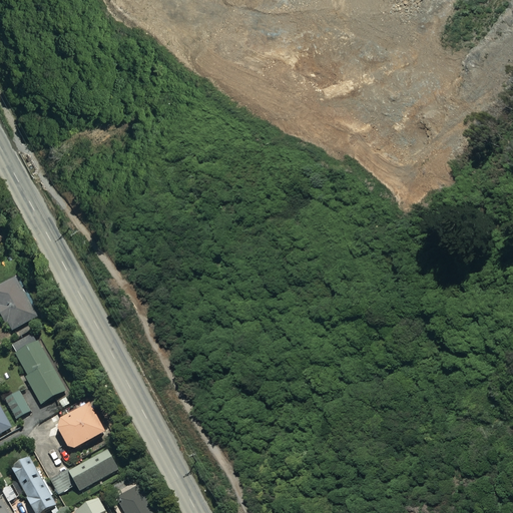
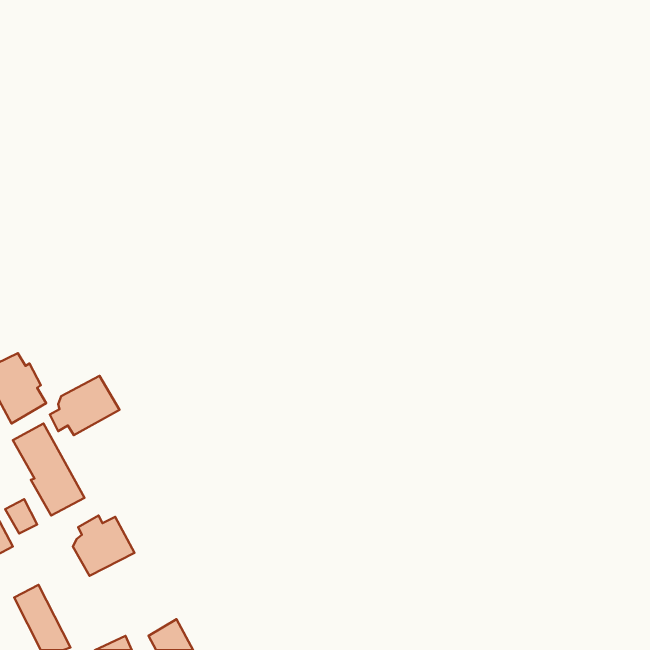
building: none -> [50,376,119,435]
building: [67,448,117,490] -> none

